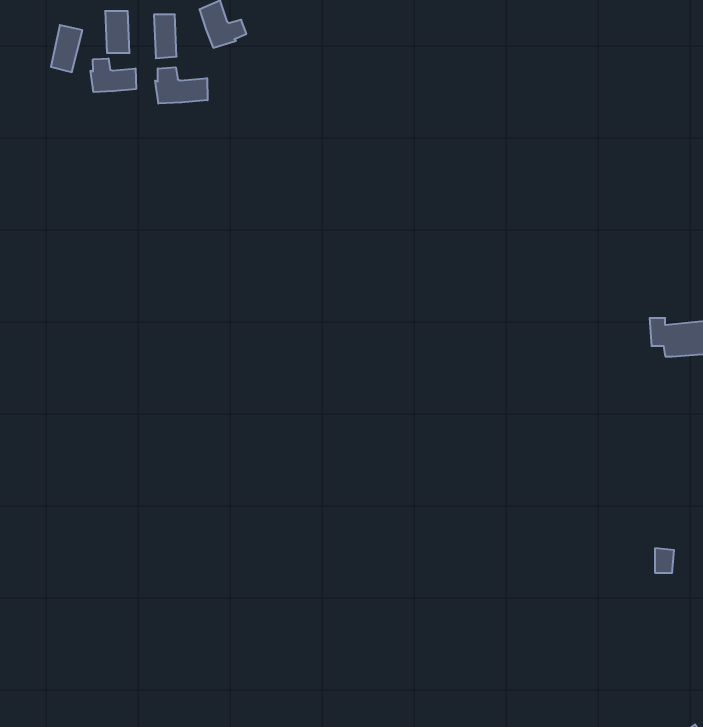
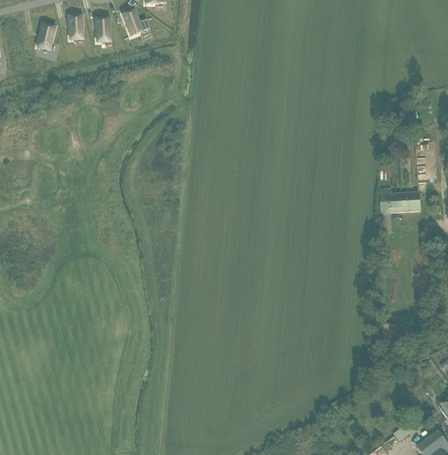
building: [91,58,136,92] -> none
building: [155,67,208,104] -> none

